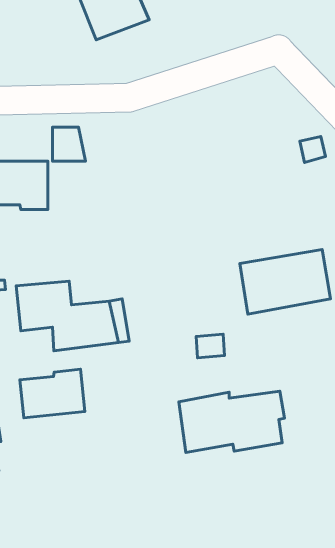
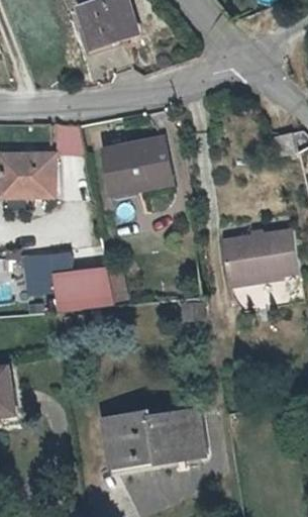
building: none -> [102,141,168,195]
building: [20,369,85,418] -> none
building: [179,391,285,452] -> [106,414,197,467]

